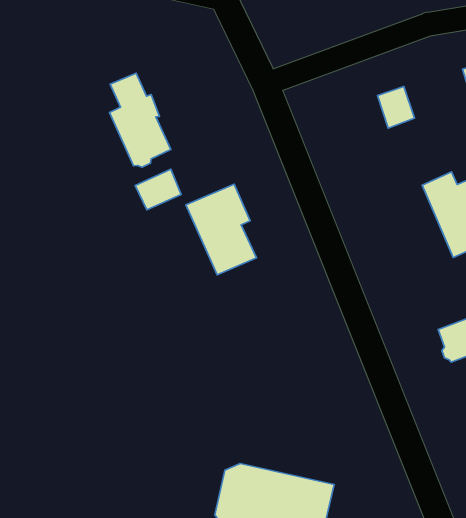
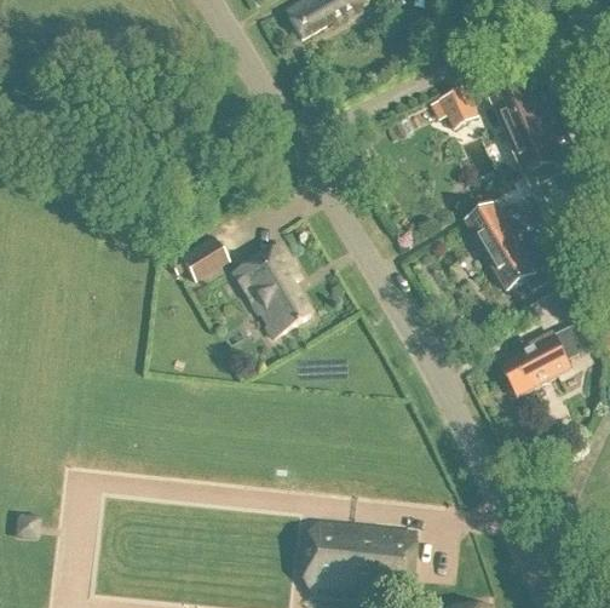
building: [109,73,171,167] -> none
building: [378,87,415,128] -> [437,85,477,128]

